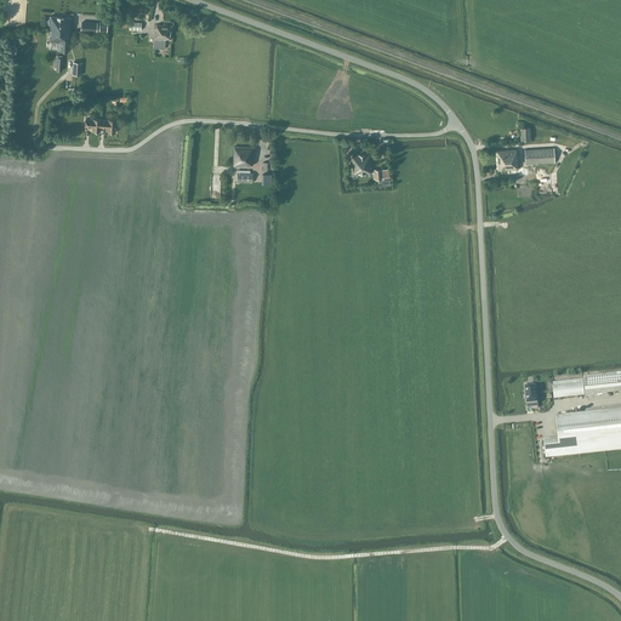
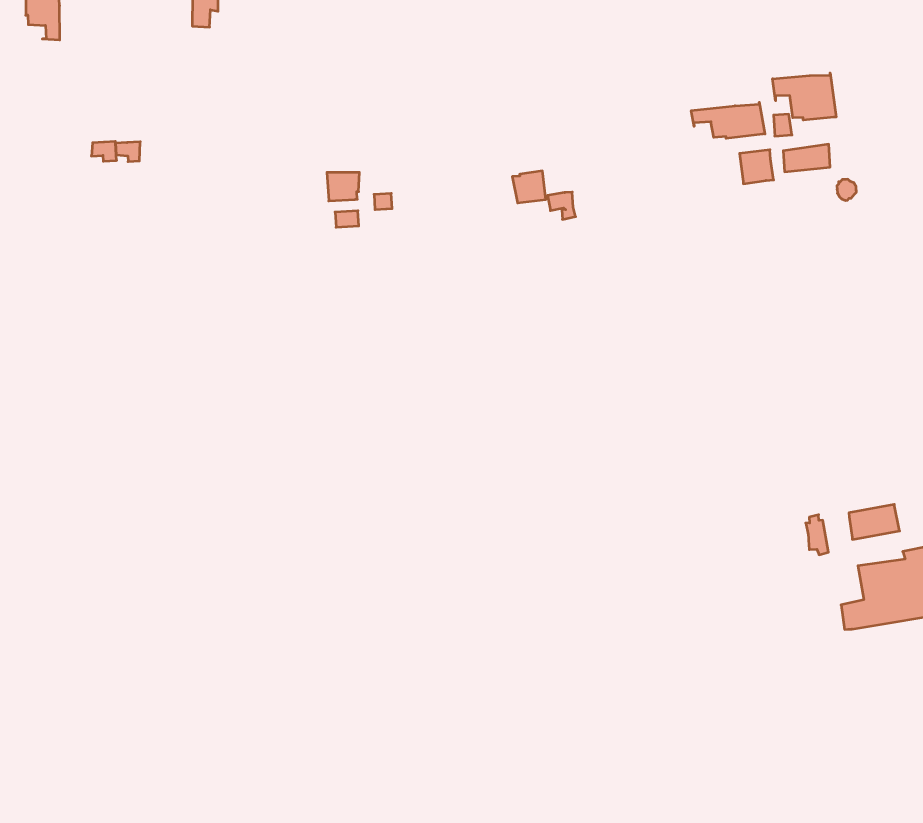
building: none -> [773,73,836,120]
building: none -> [691,102,765,138]

